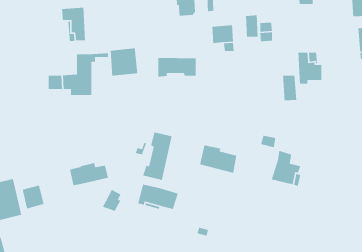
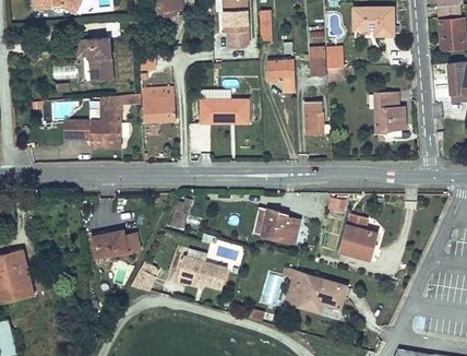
building: [282,75,297,101] -> [304,103,323,135]
building: [142,131,172,181] -> none
building: [22,184,44,209] -> none
building: none -> [287,272,346,312]

